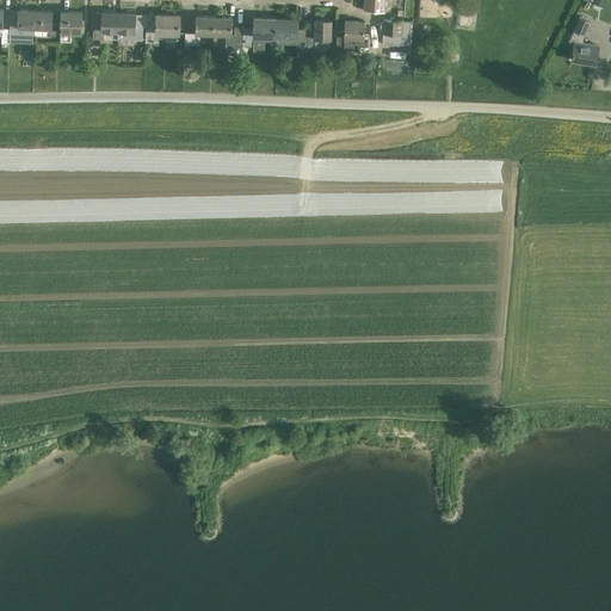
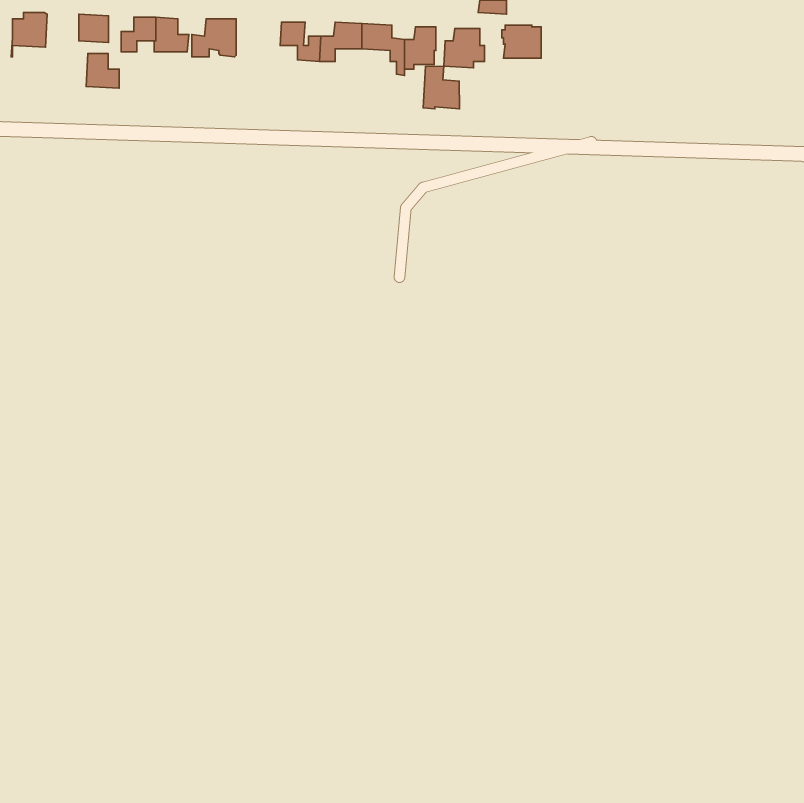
building: [35,12,60,38] -> [86,54,119,88]
building: [184,17,214,54] -> none
building: [568,17,598,64] -> none
building: none -> [423,66,459,109]

